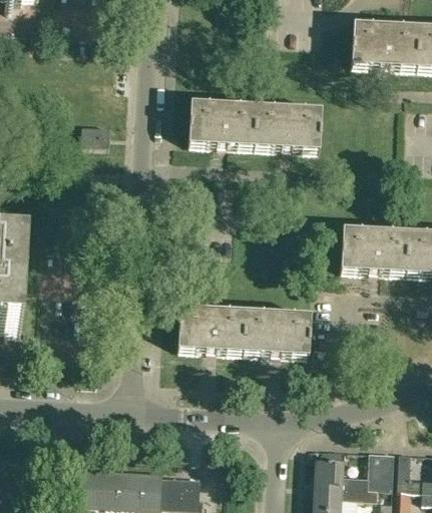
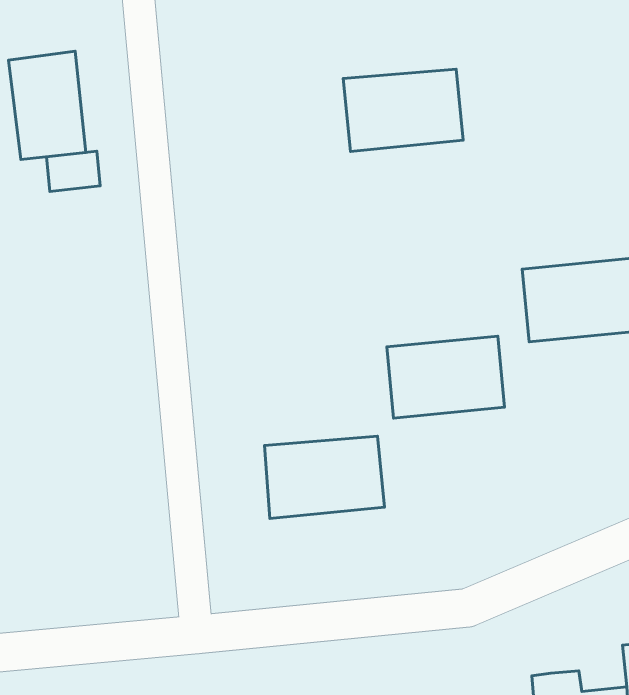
building: none -> [9,51,86,160]
building: [189,101,258,146] -> none
building: [246,311,312,355] -> [387,336,505,418]

